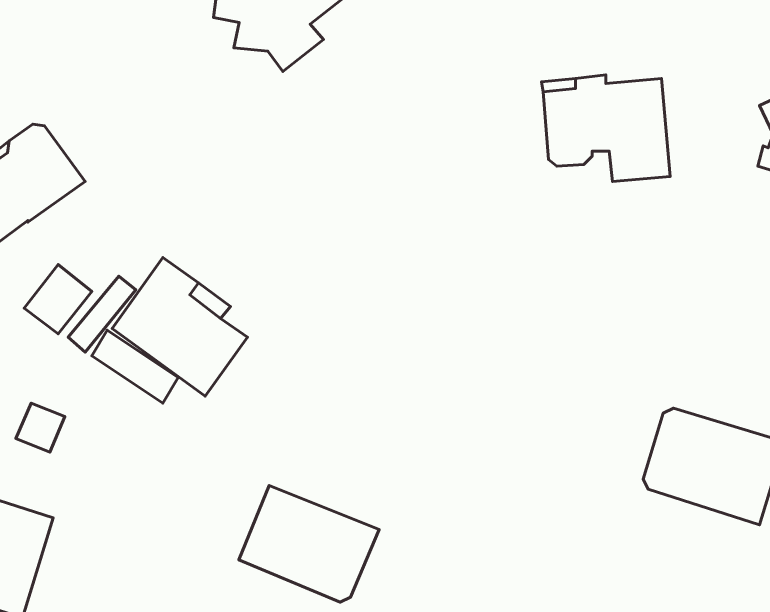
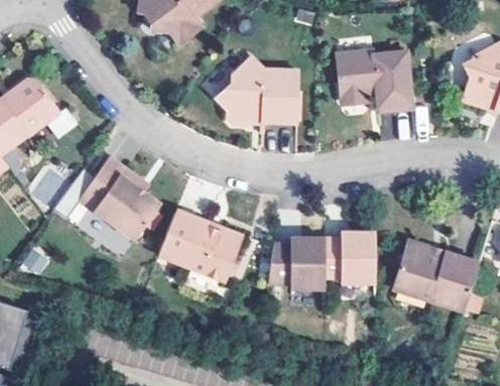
building: none -> [215,55,296,123]
building: none -> [267,233,375,289]
building: [239,486,379,602] -> [158,210,242,279]

